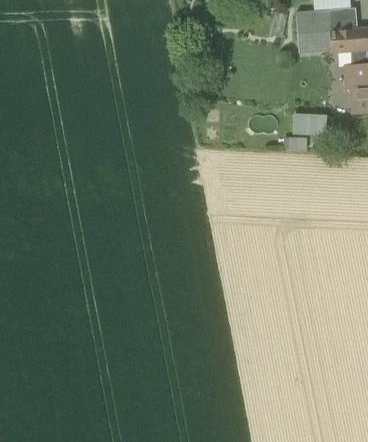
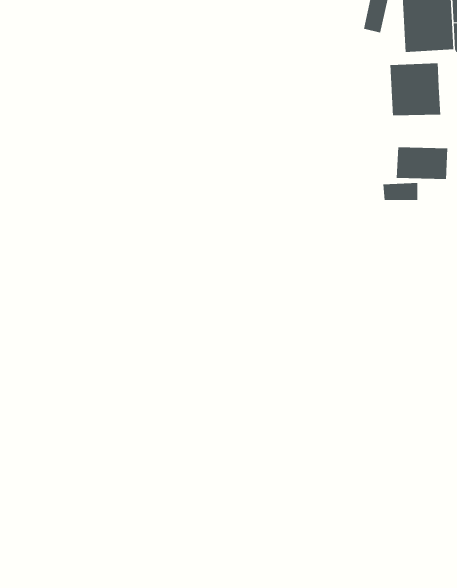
building: none -> [390,62,441,116]

